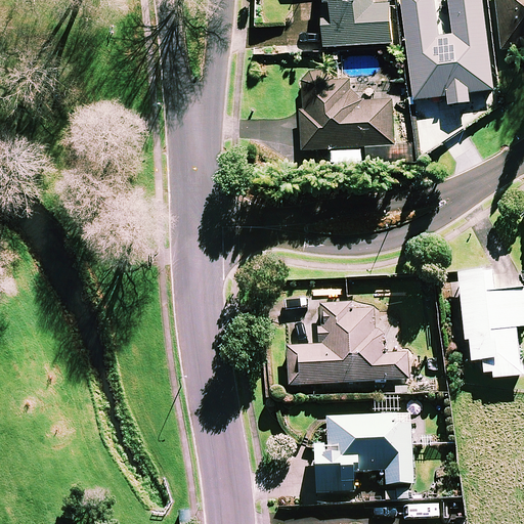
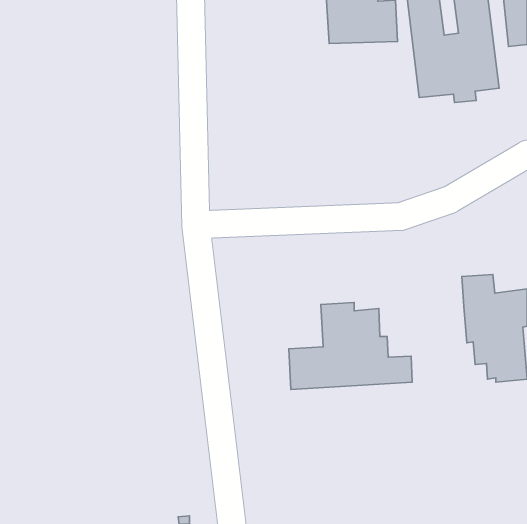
building: [303,69,394,159] -> none
building: [313,393,411,491] -> none

